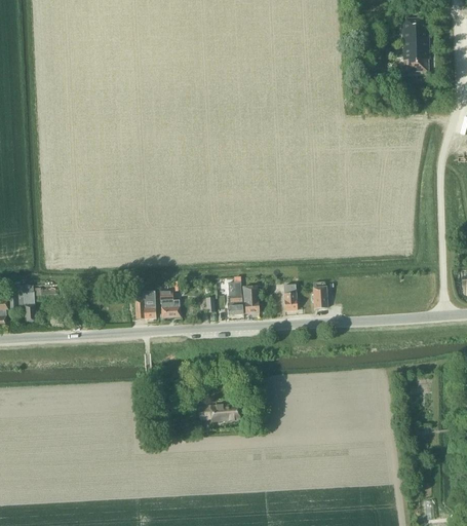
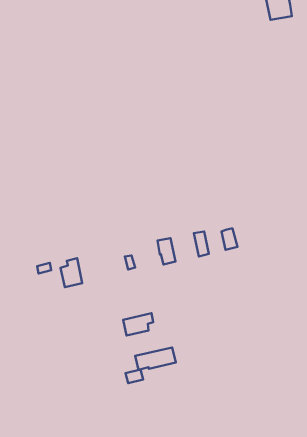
building: [229,281,244,314] -> none
building: [160,290,181,316] -> none
building: none -> [123,313,153,335]

